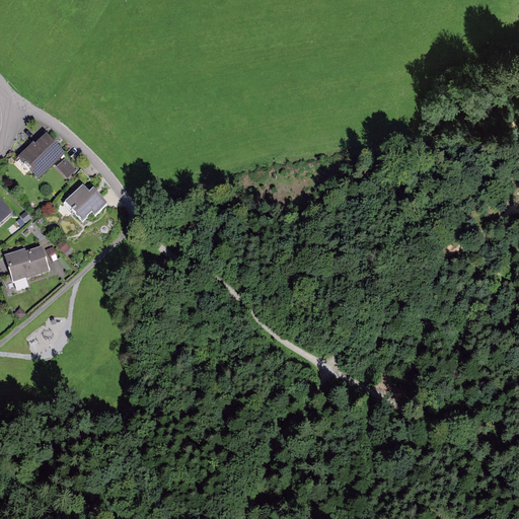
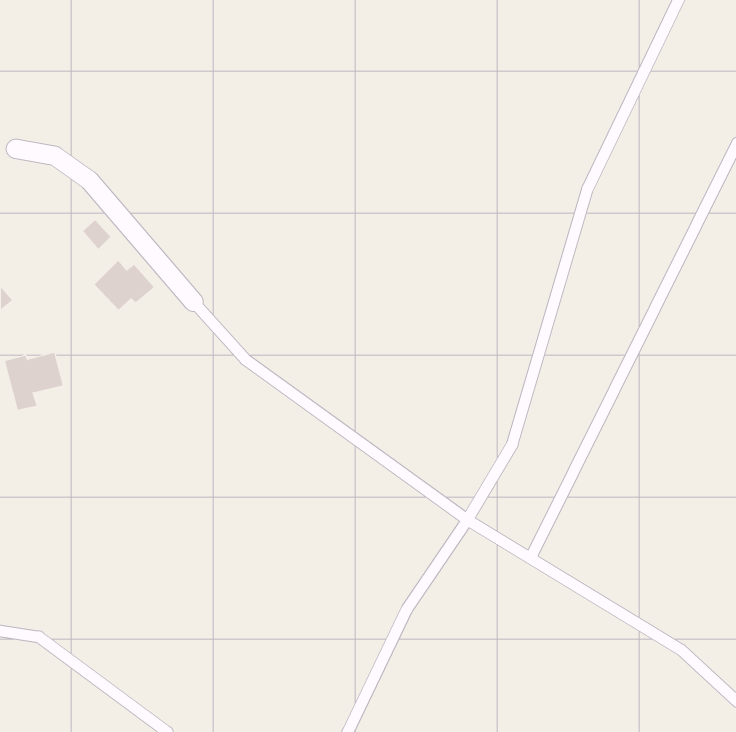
building: [18,136,61,175] -> none

